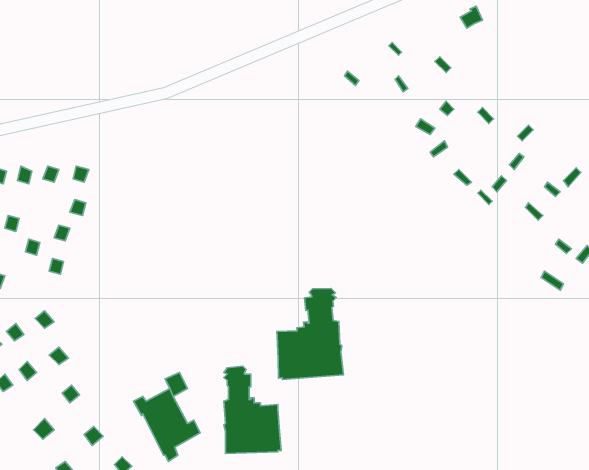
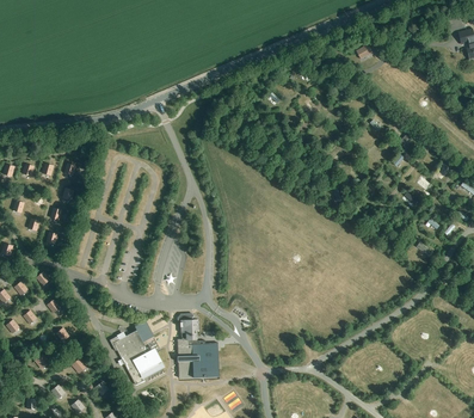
building: [277,288,343,379] -> none

